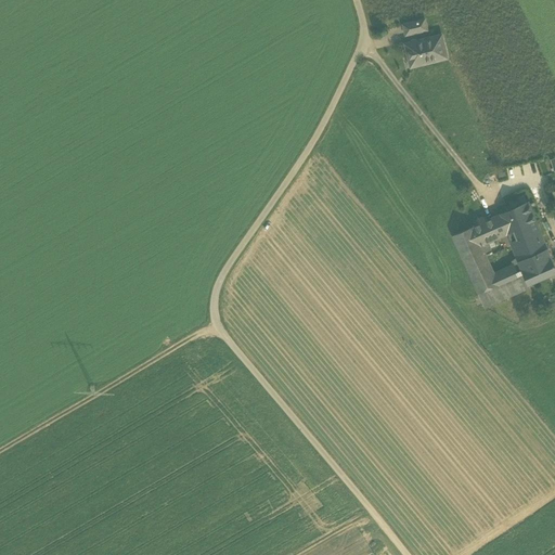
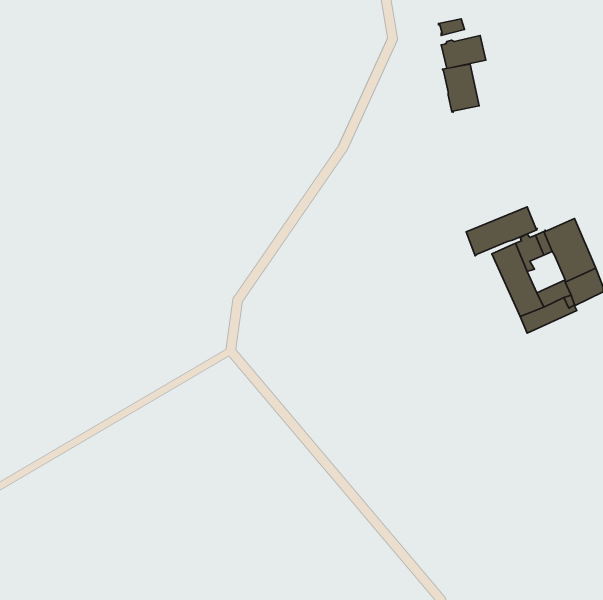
building: none -> [442,64,479,112]
building: none -> [466,207,537,256]

